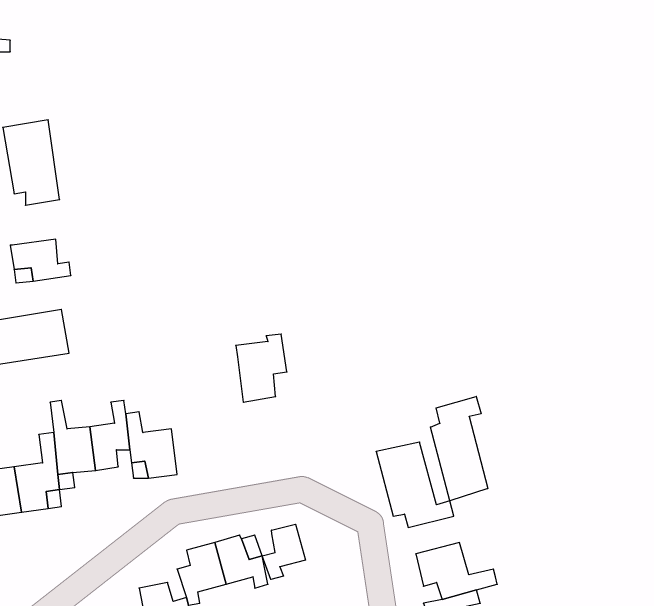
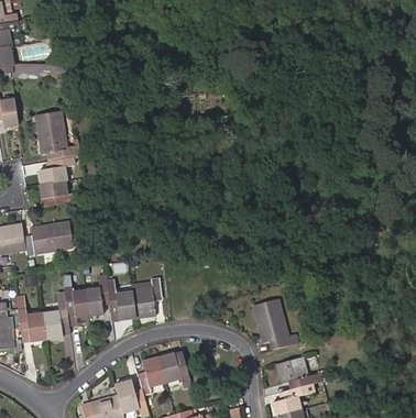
building: none -> [39,157,69,184]
building: [236,334,287,402] -> [132,277,162,317]
building: [430,396,488,501] -> none
building: [262,524,305,579] -> none

